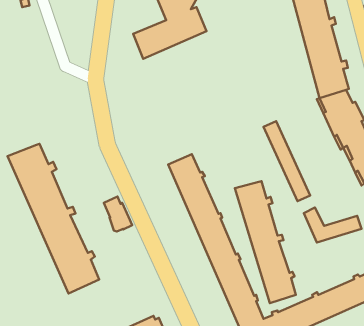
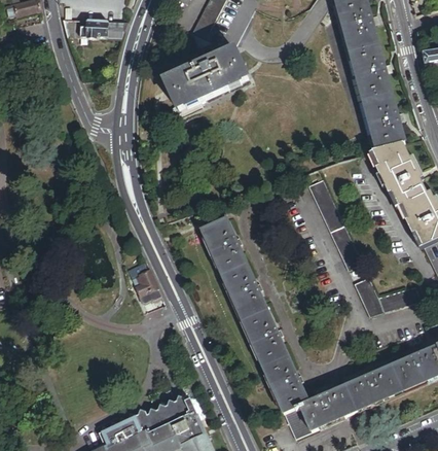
building: [8,144,99,294] -> none
building: [235,181,296,303] -> none

